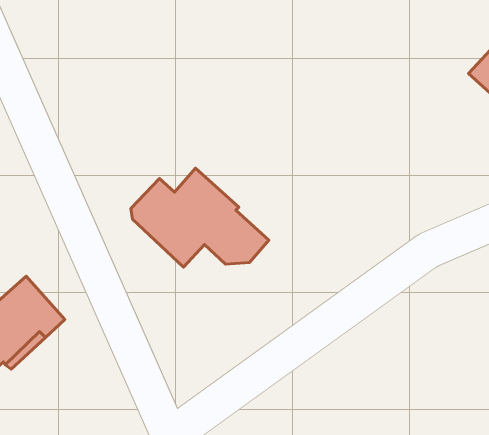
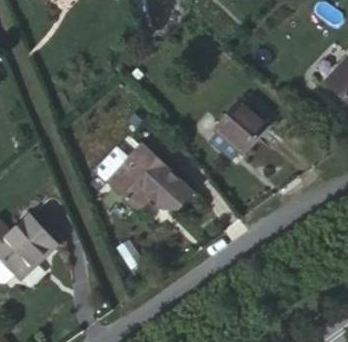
building: none -> [210,100,269,160]

